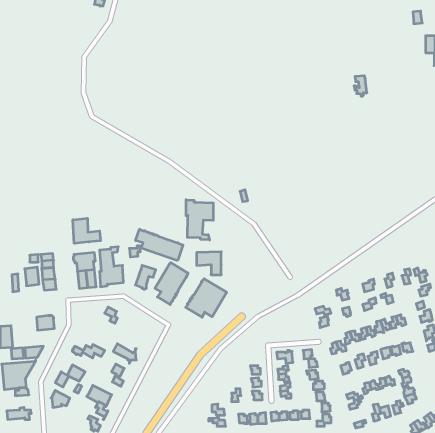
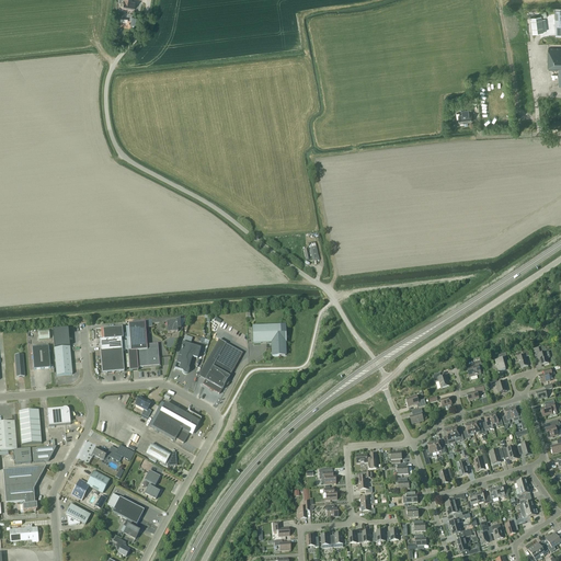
building: [186,200,213,240] -> none
building: [73,218,100,243] -> none
building: [136,229,183,260] -> none
building: [186,279,227,317] -> none
building: none -> [151,402,202,442]
building: none -> [19,409,42,444]

